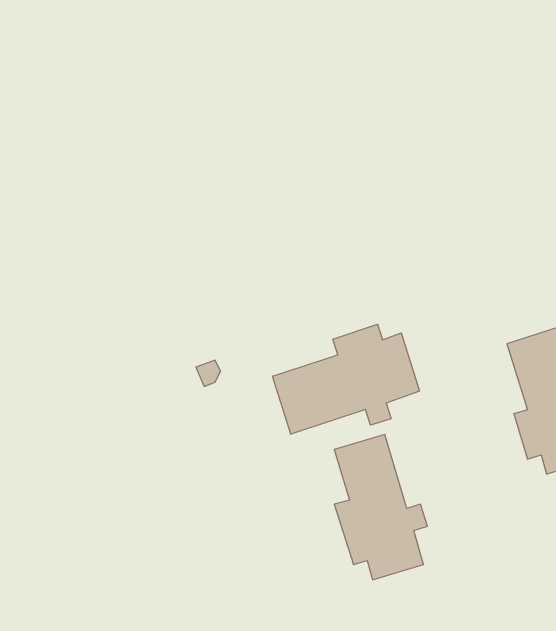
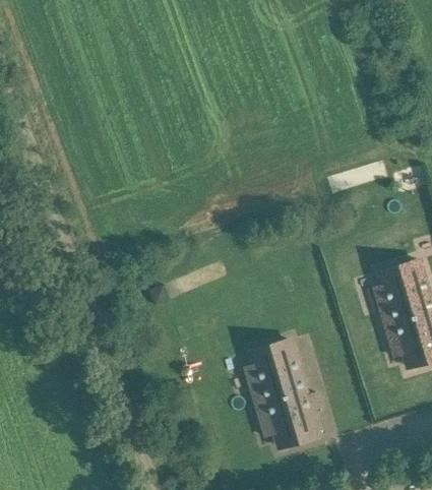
building: [273,324,419,434] -> none

